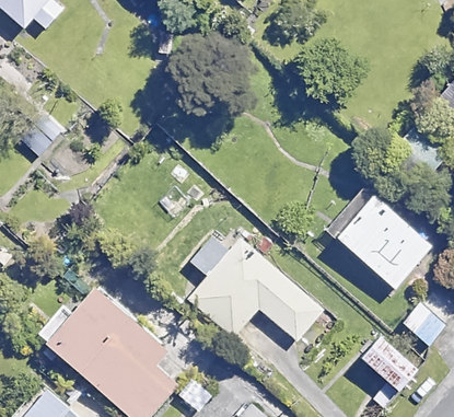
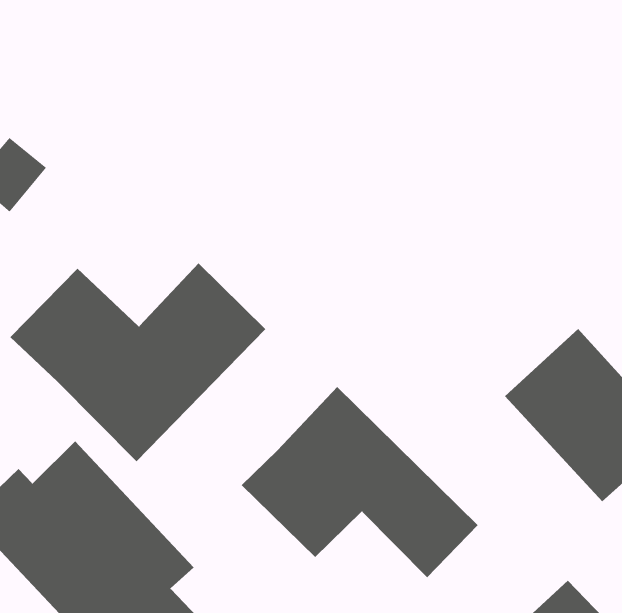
building: none -> [9,262,266,462]

